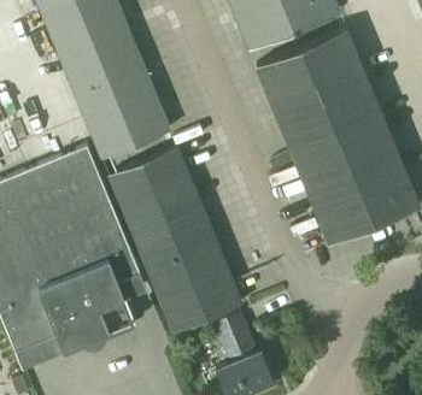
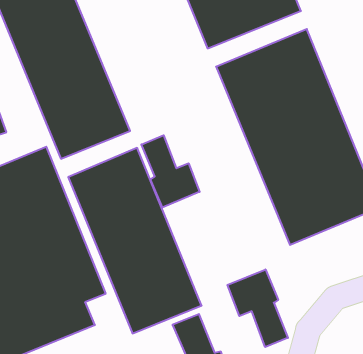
building: none -> [141,135,200,207]
building: none -> [227,269,288,347]

